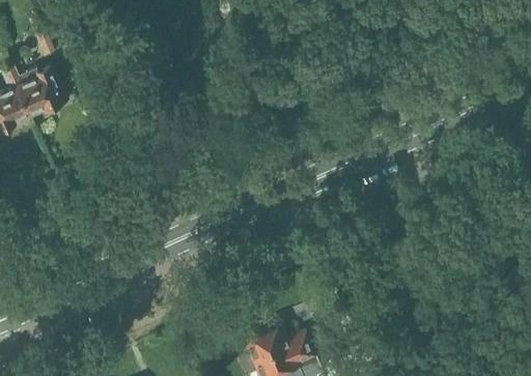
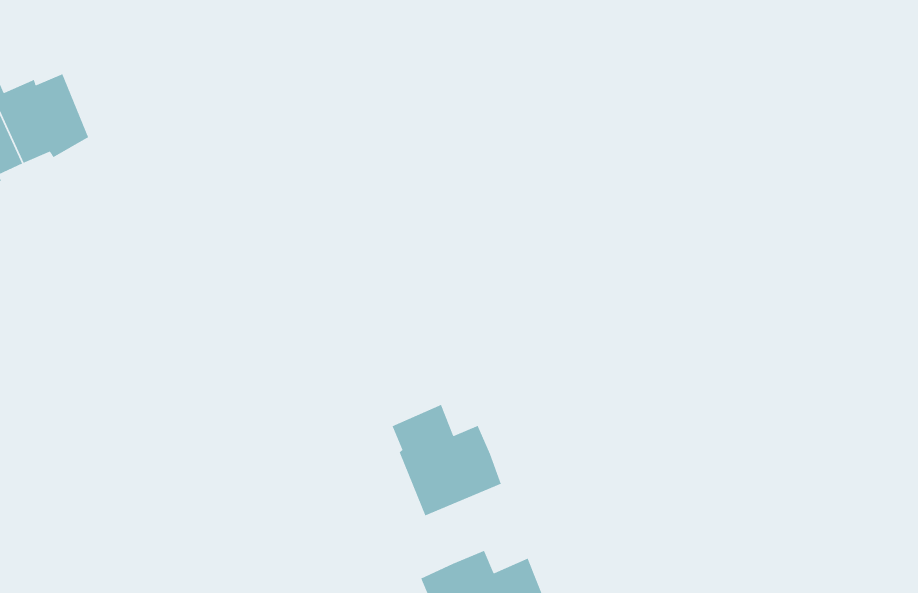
building: none -> [392,404,502,516]

